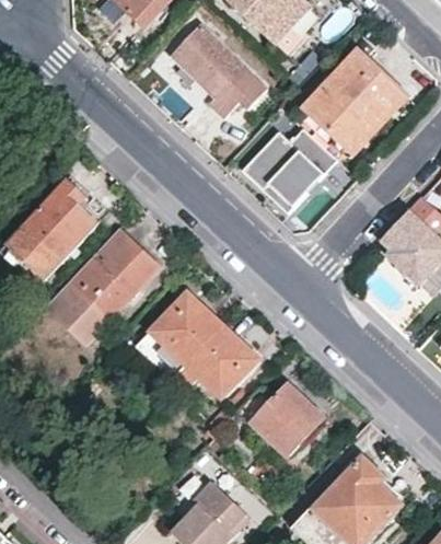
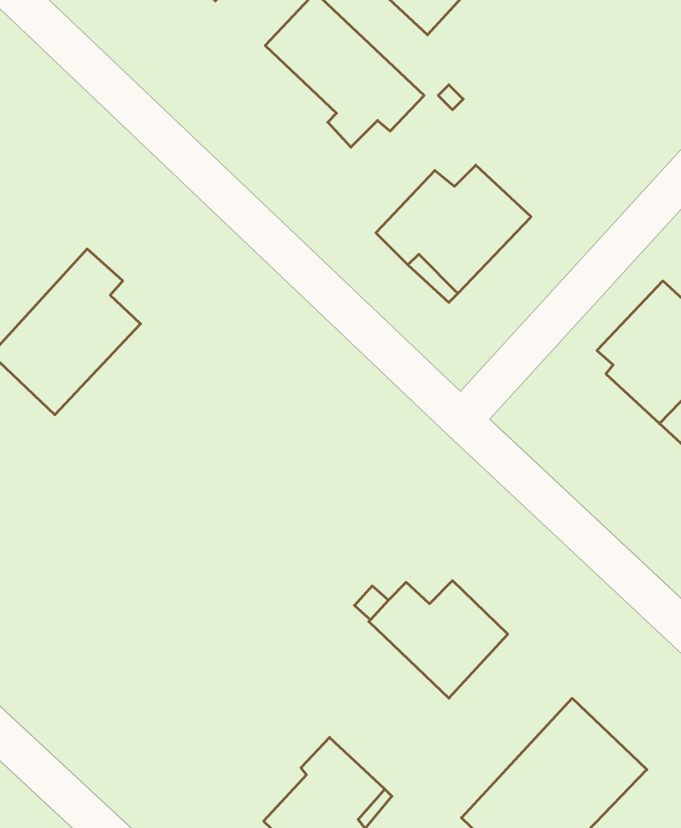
building: [302,50,405,148] -> none
building: [44,227,162,347] -> none
building: [151,290,258,397] -> none

